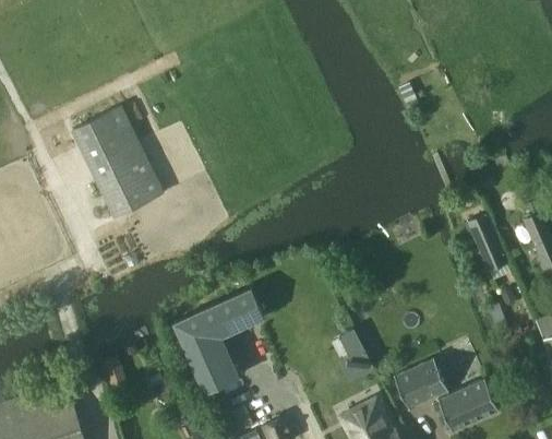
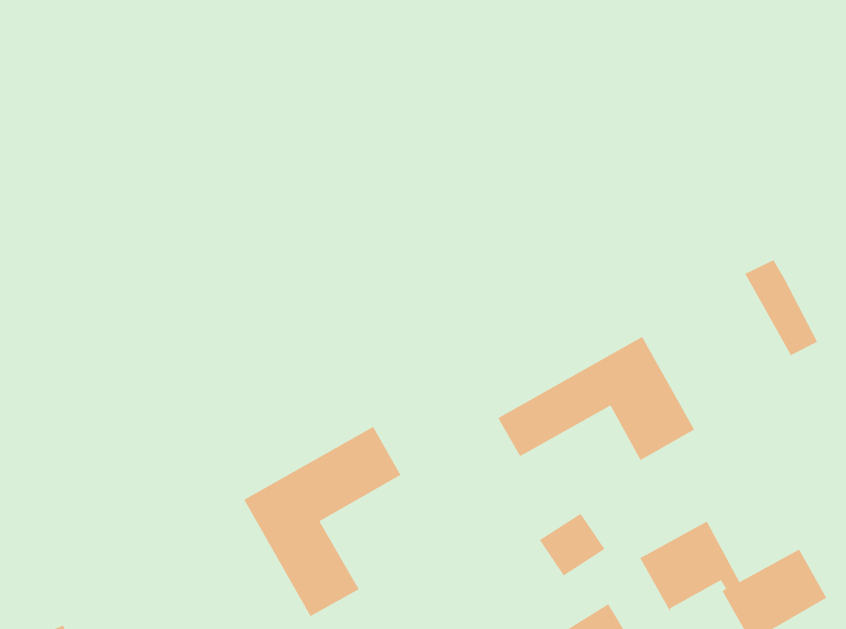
building: [73,107,163,218] -> none
building: none -> [497,336,695,461]

